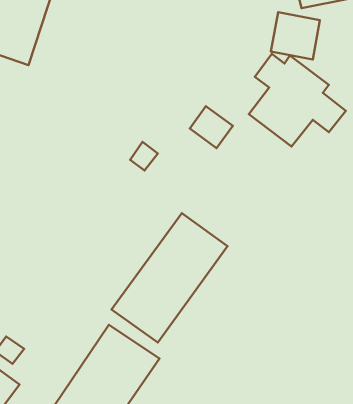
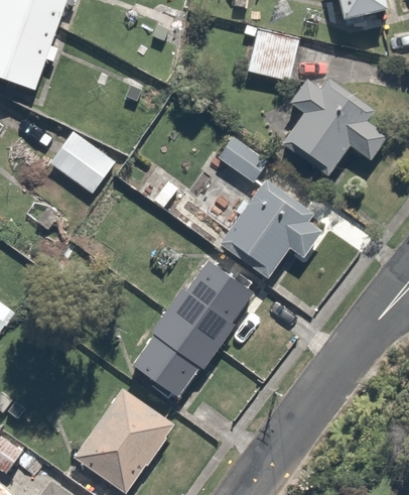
building: [271,12,320,60] -> [245,31,300,85]
building: none -> [45,131,116,199]
building: none -> [217,175,329,279]

